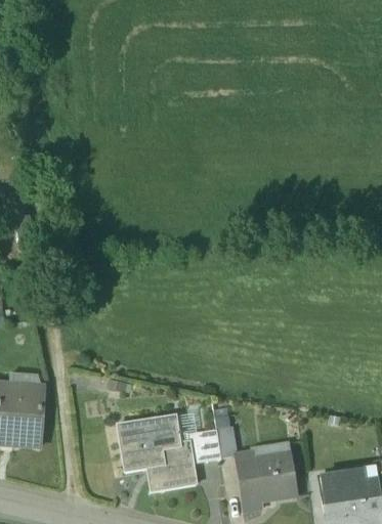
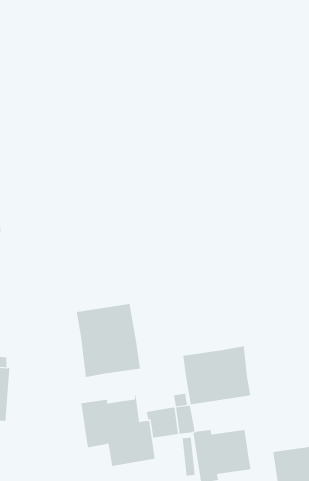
building: none -> [76,303,140,378]
building: none -> [183,346,251,405]

